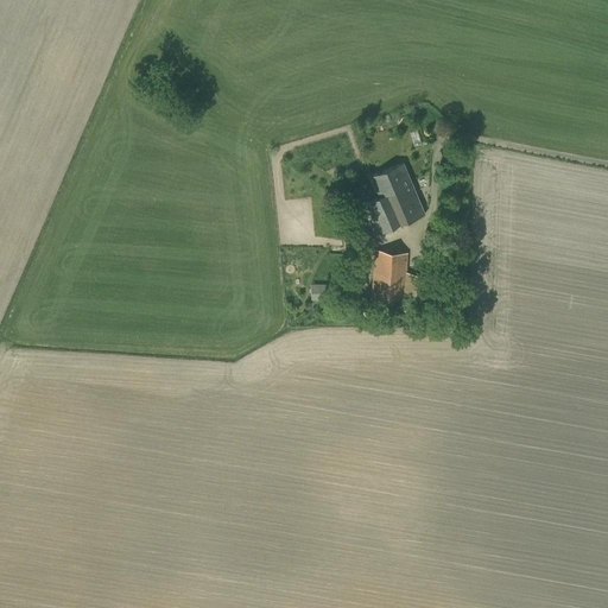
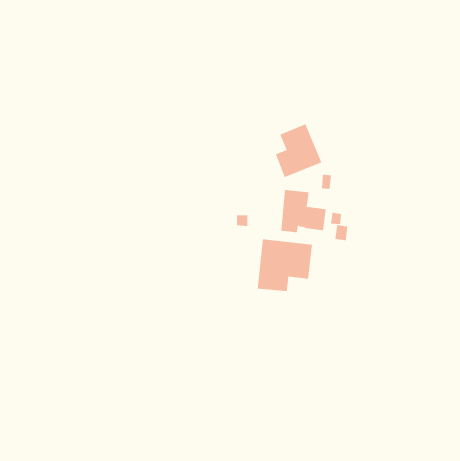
building: none -> [257,238,312,292]

